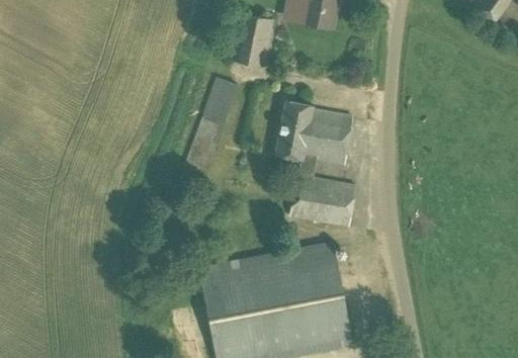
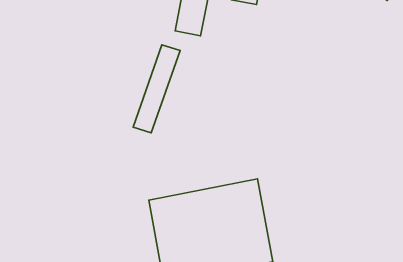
building: [274,100,355,227] -> none

